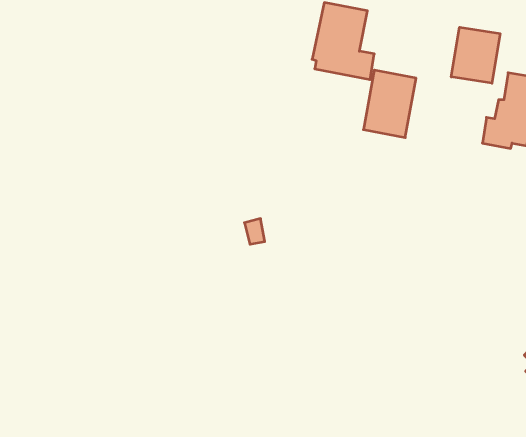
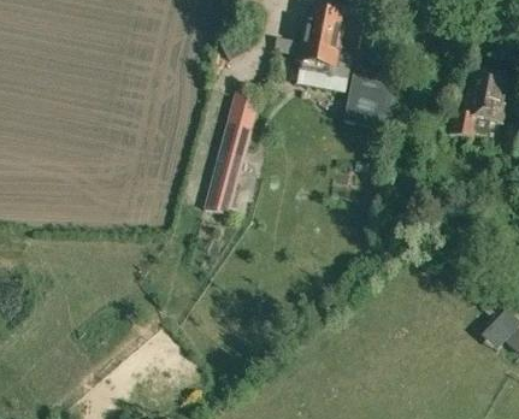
building: [451,27,500,83] -> none
building: none -> [206,88,263,214]

